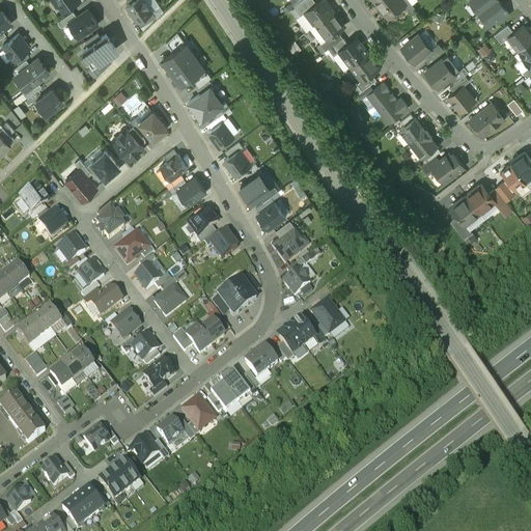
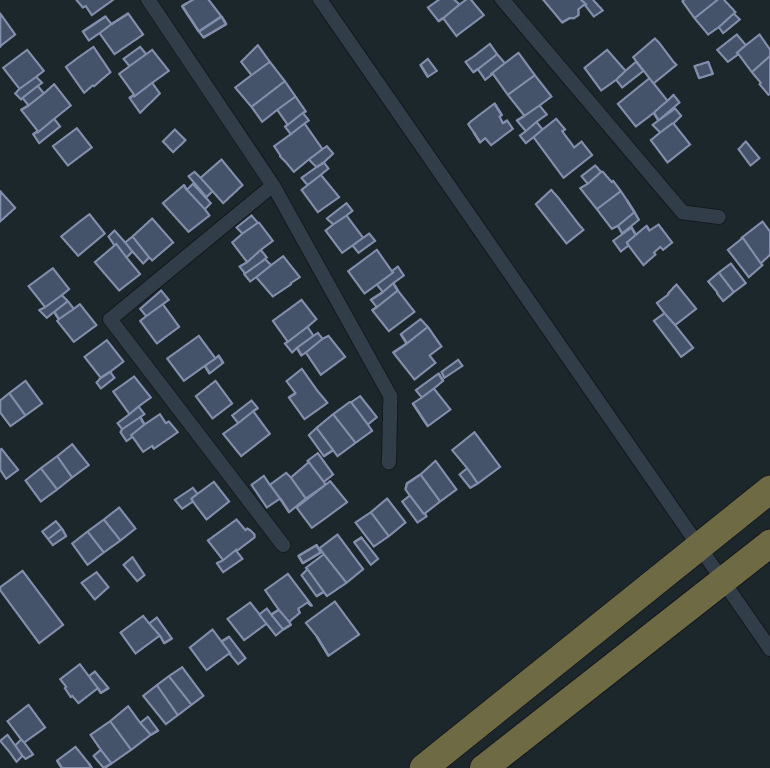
building: [315,11,343,38] -> none
building: none -> [633,38,677,83]
building: none -> [66,47,111,93]
building: none -> [468,104,513,145]
building: [470,103,504,136] -> none
building: none -> [536,190,583,244]
building: none -> [61,214,105,256]
building: [466,186,494,213] -> none
building: none -> [287,369,327,419]
building: [111,308,140,336] -> none
building: none -> [296,481,347,528]
building: none -> [306,601,359,656]

